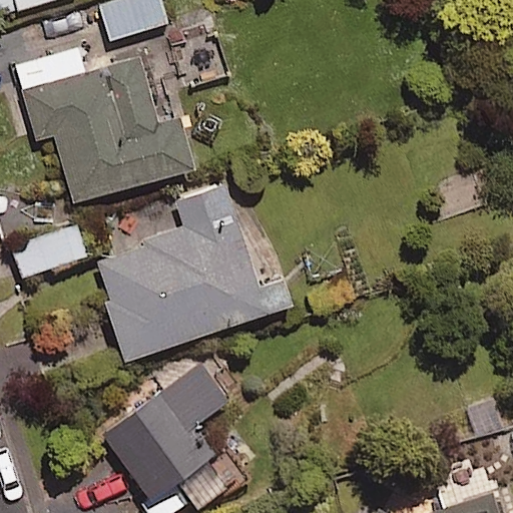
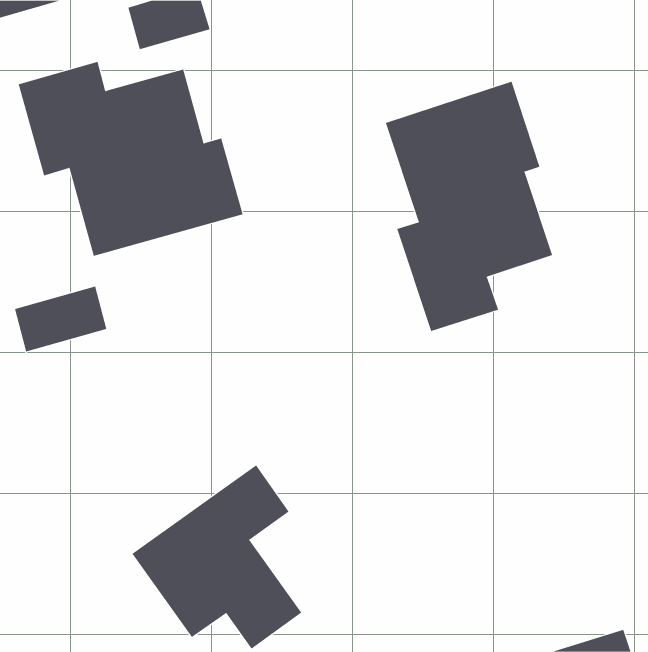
building: none -> [385,81,553,332]
building: [93,184,268,360] -> none

